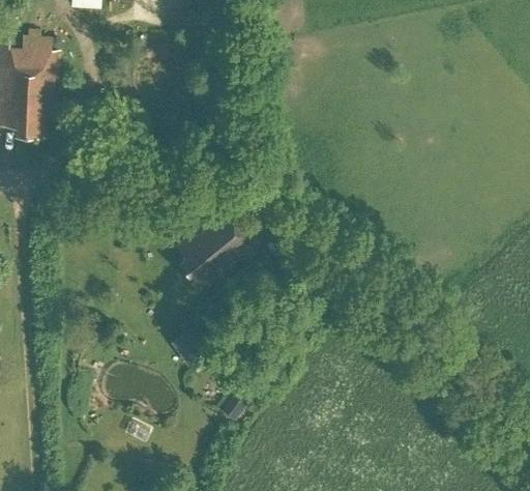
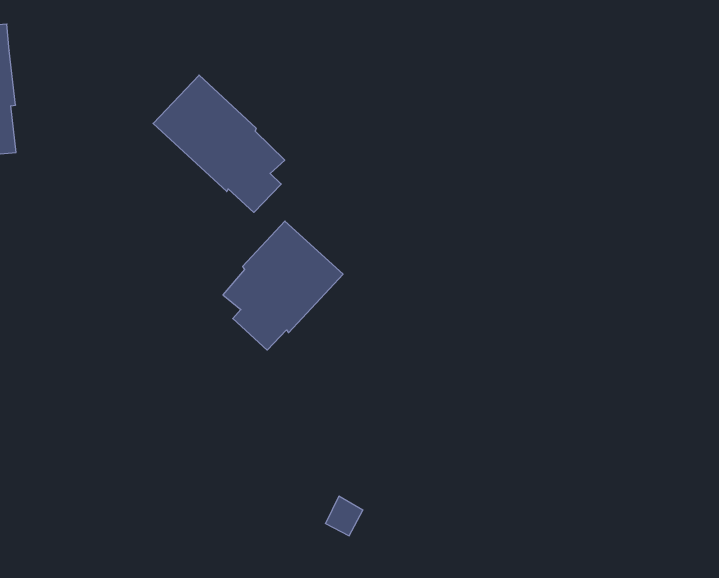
building: none -> [153,75,285,212]

